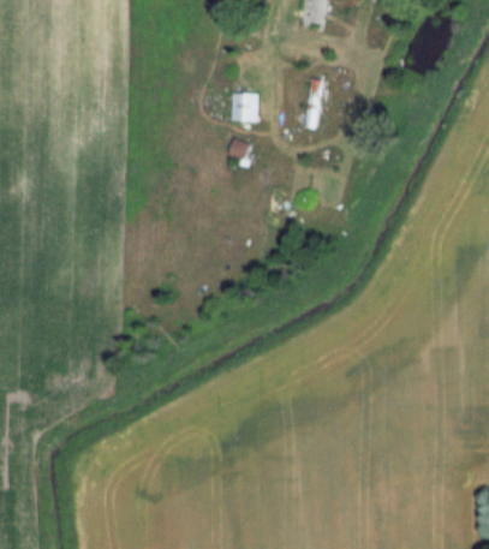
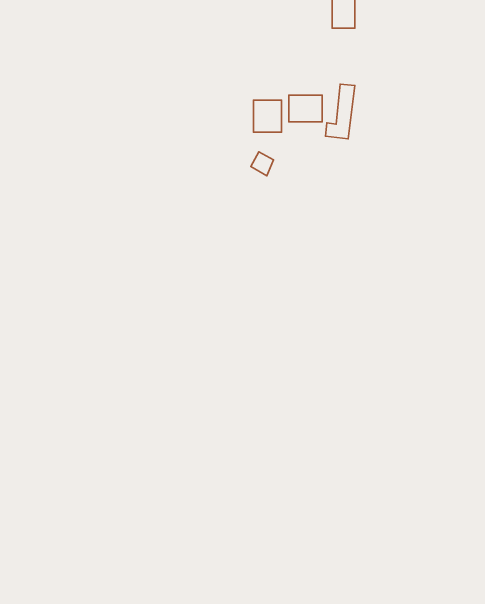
building: none -> [289,95,322,122]

